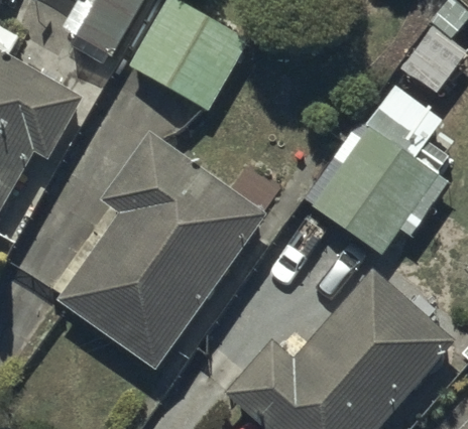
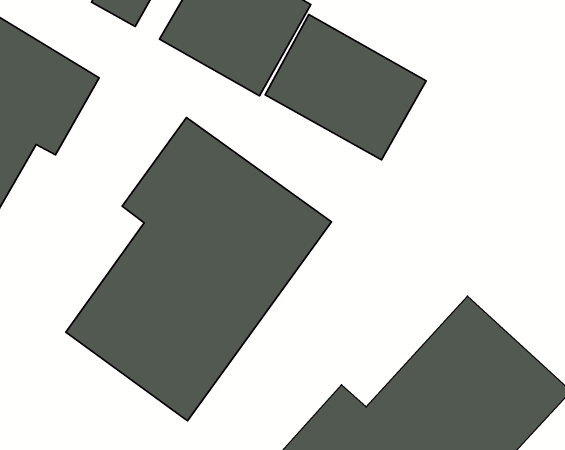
building: none -> [265,15,426,160]
building: [312,123,439,254] -> none

